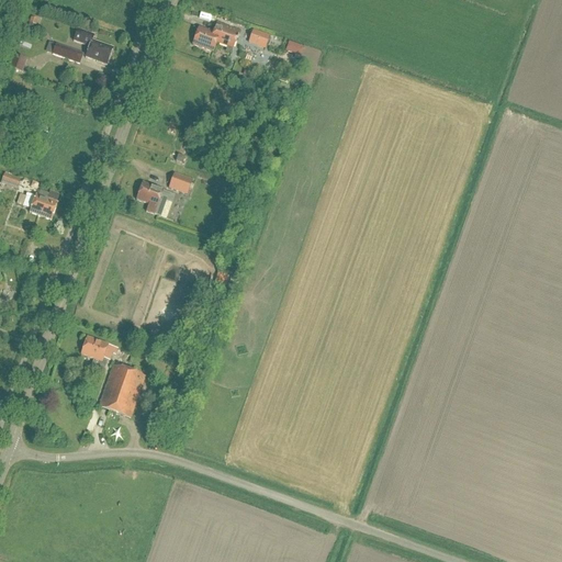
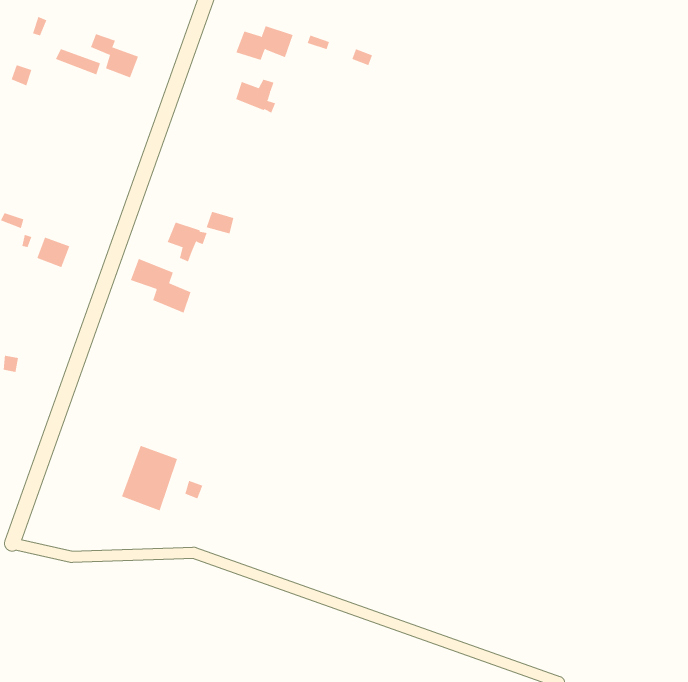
building: none -> [235,79,276,113]
building: none -> [130,258,191,313]
building: [81,335,119,369] -> none

